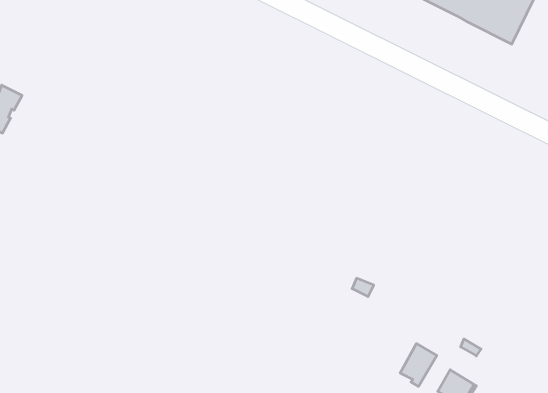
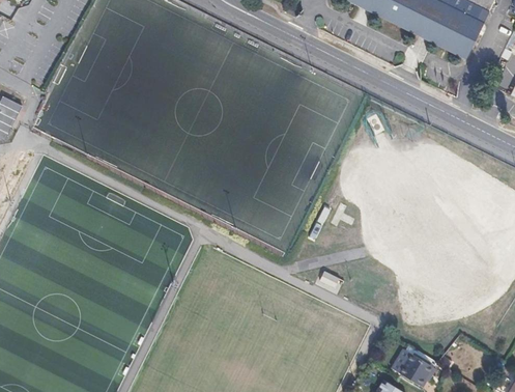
building: [400,344,437,386] -> none

